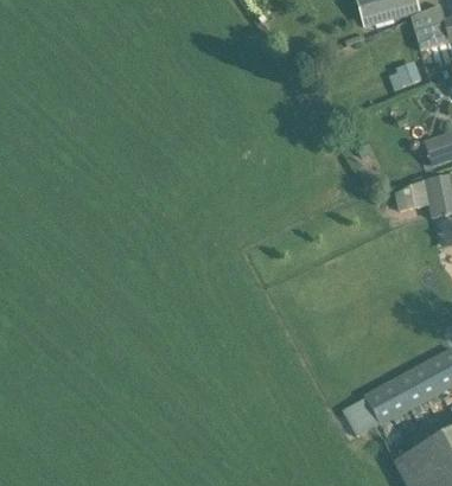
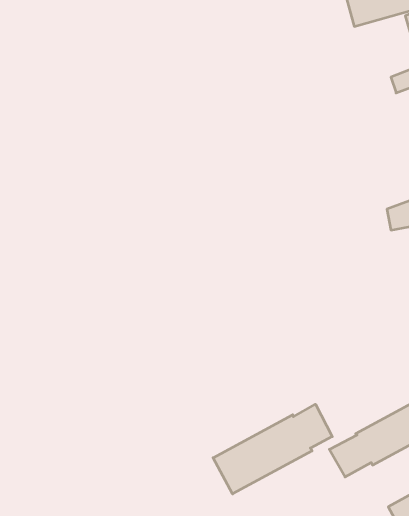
building: none -> [213,404,332,494]

